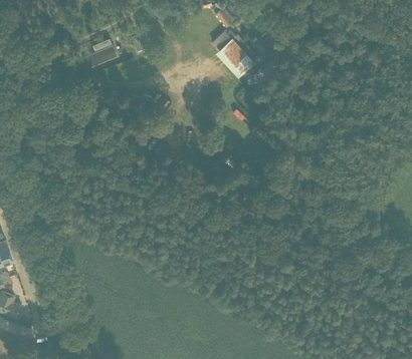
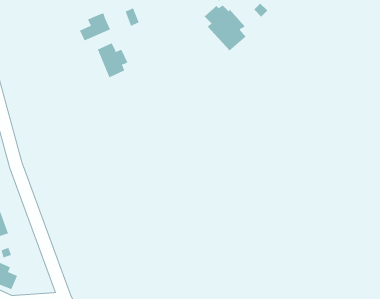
building: none -> [97,42,128,78]

